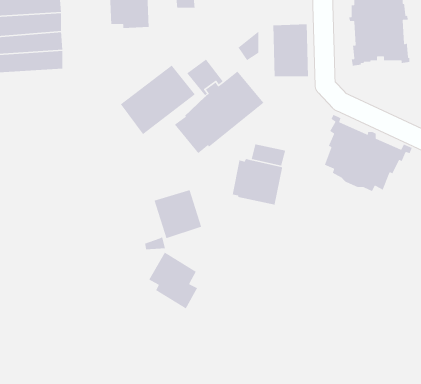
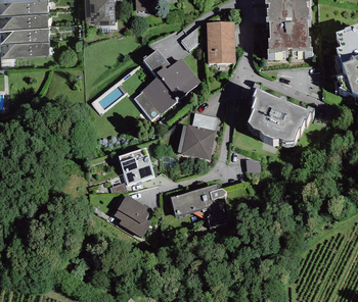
building: [120,65,196,135] -> none
building: none -> [171,184,231,226]

